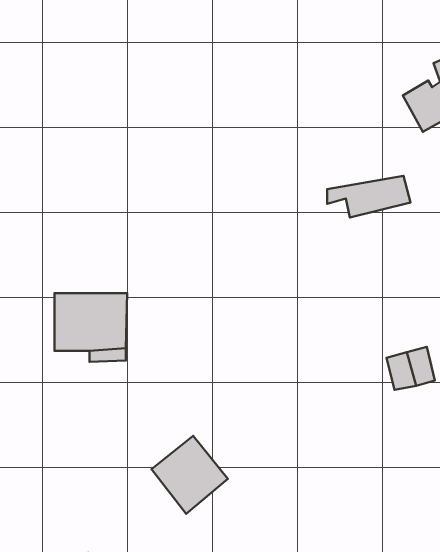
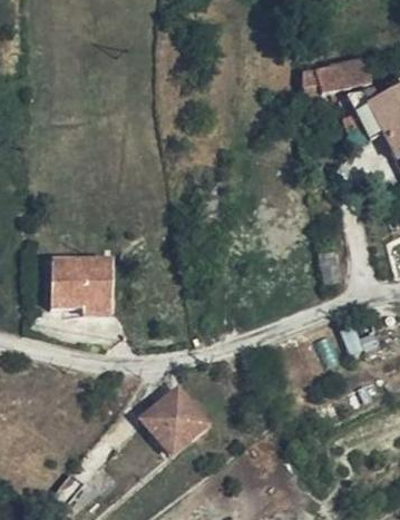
building: [327,176,410,217] -> [299,57,368,91]

